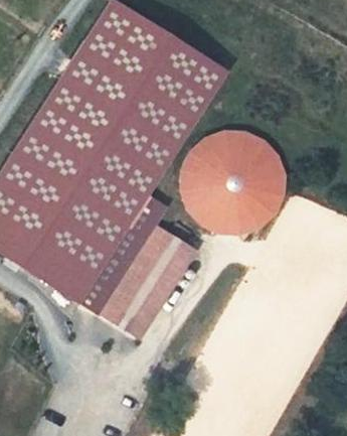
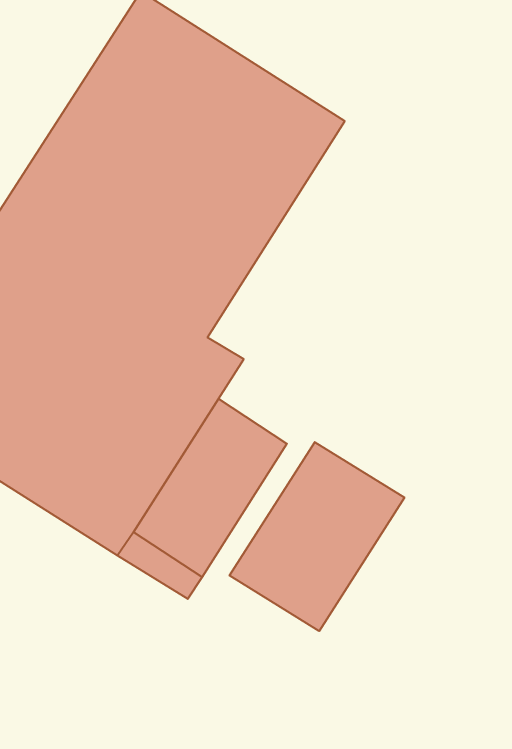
building: [182,131,284,232] -> none
building: none -> [230,442,404,631]

